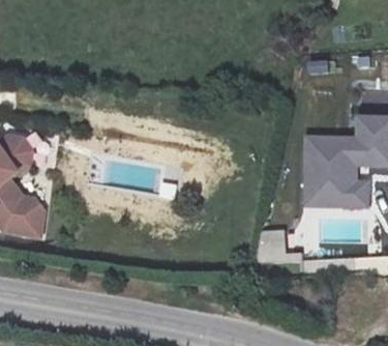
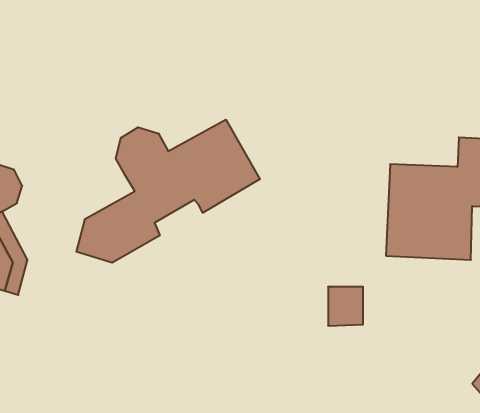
building: none -> [76,120,260,263]

